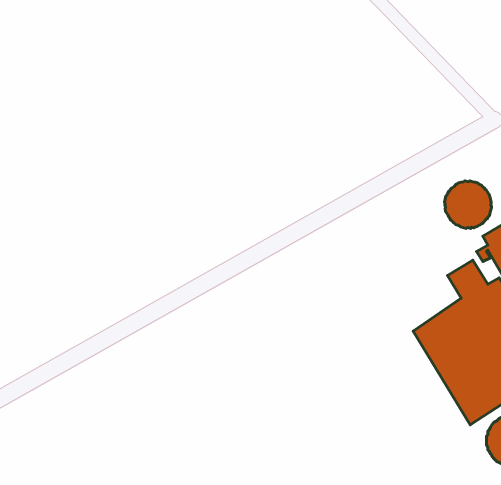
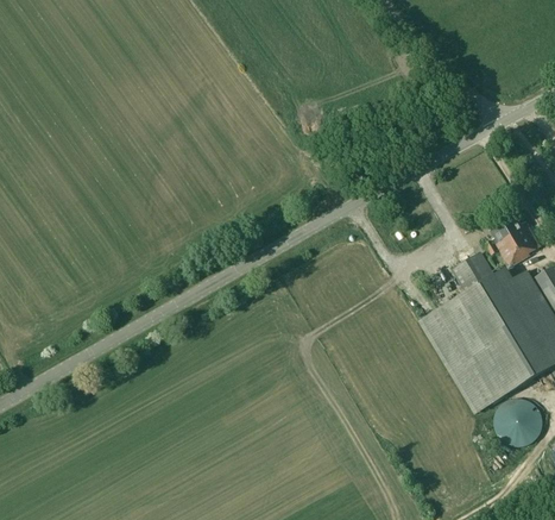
building: [444,181,492,228] -> none

